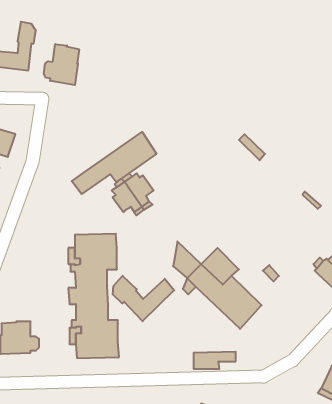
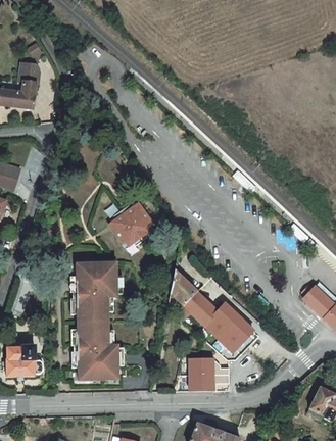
building: [44,44,79,85] -> none
building: [72,132,156,194] -> none
building: [113,276,174,321] -> none
building: none -> [189,358,229,375]

